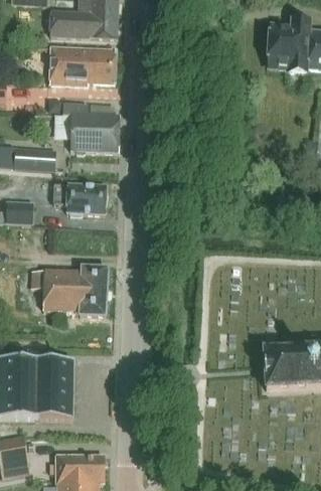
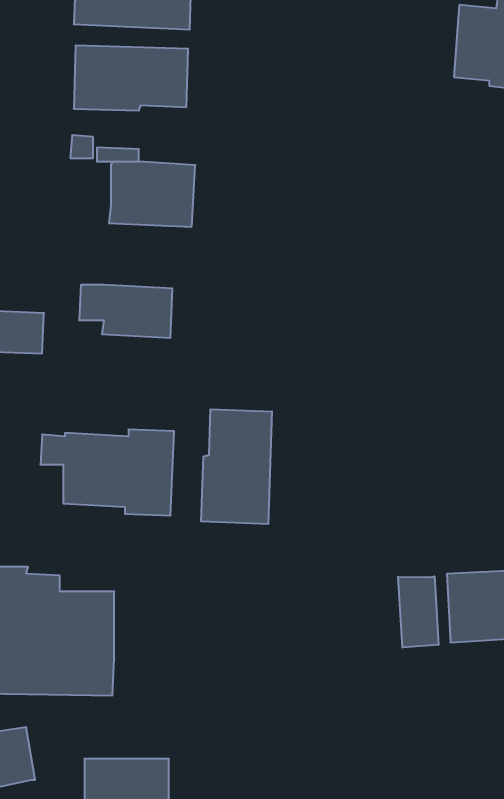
building: [13,148,55,170] -> none
building: none -> [201,409,272,524]
building: none -> [398,576,438,648]

